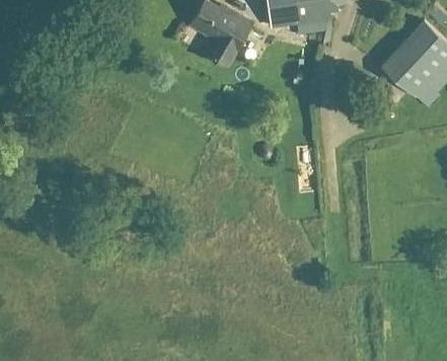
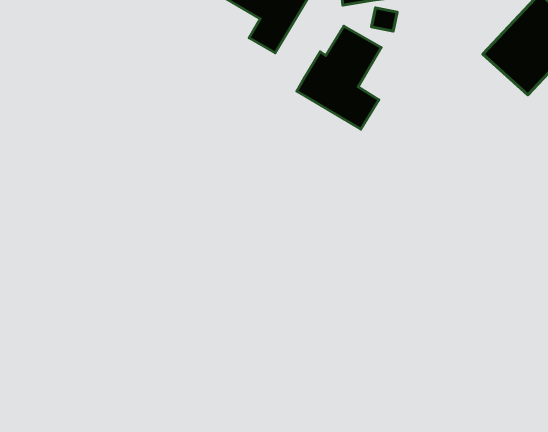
building: none -> [297,26,381,129]

